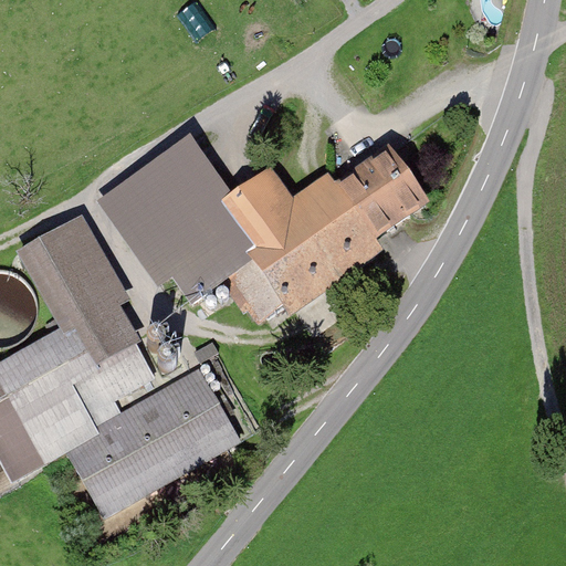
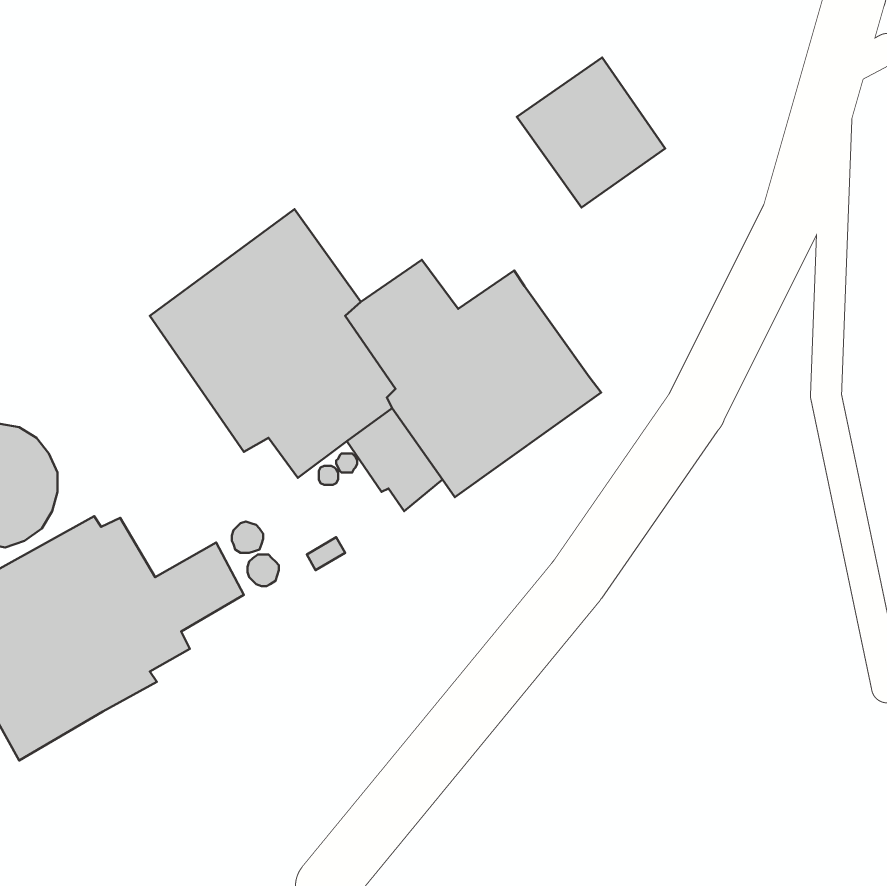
building: [333,144,427,239] -> [517,58,665,208]
building: [17,214,142,366] -> none
building: [65,367,242,522] -> none

